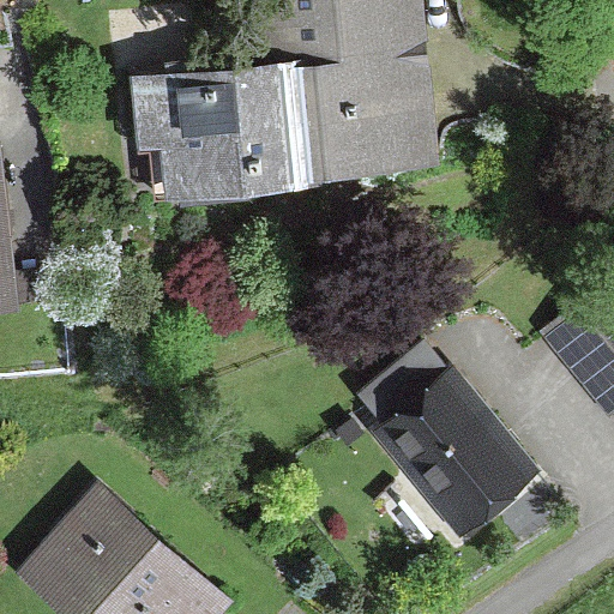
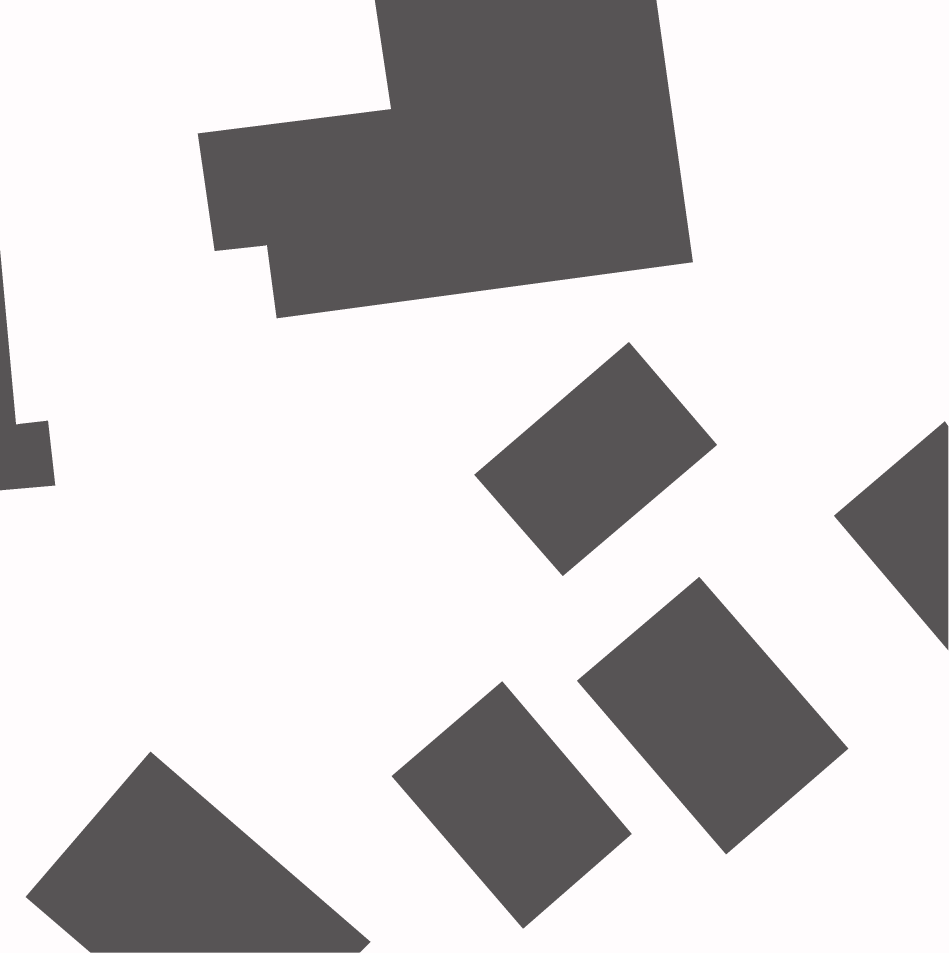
building: none -> [473,341,718,577]
building: none -> [391,680,633,930]

